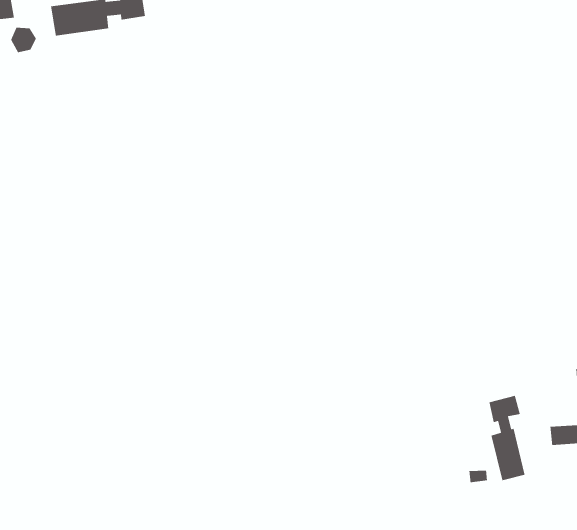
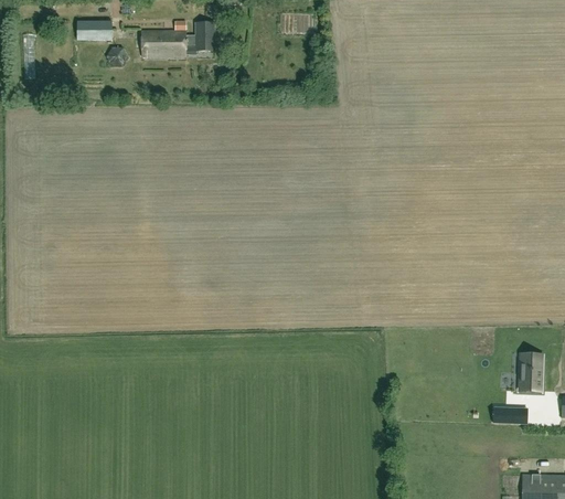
building: [488,395,526,481] -> none

